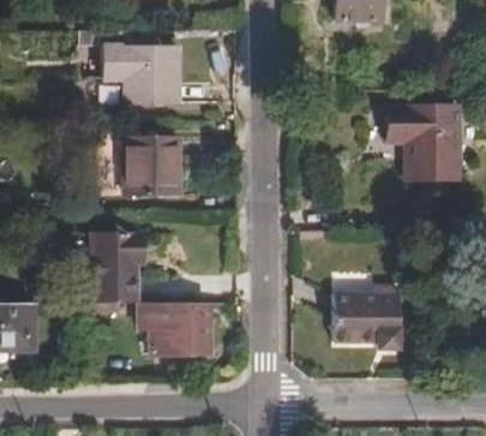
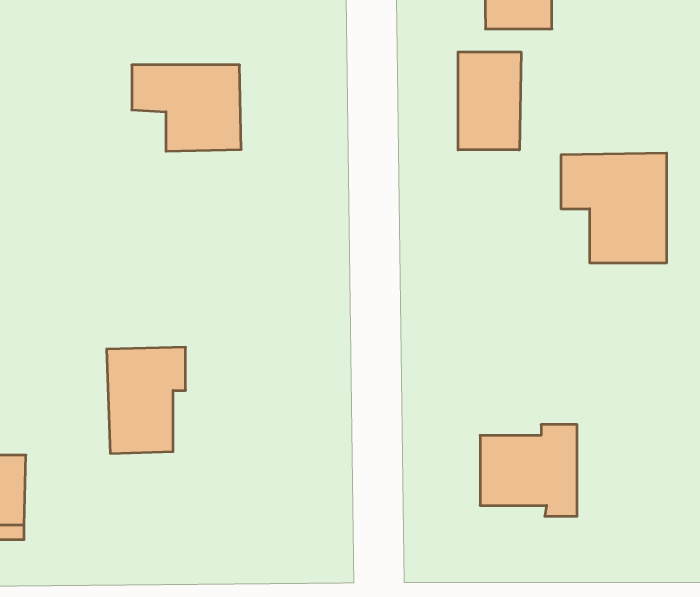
building: none -> [458,52,521,150]
building: [124,135,179,195] -> none
building: [136,301,209,357] -> none

